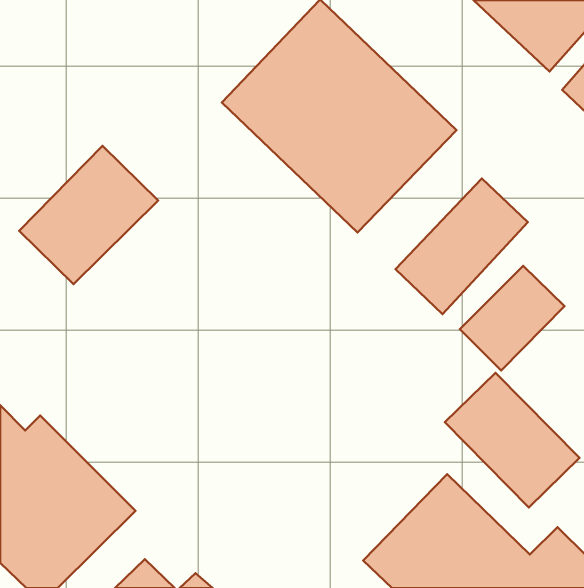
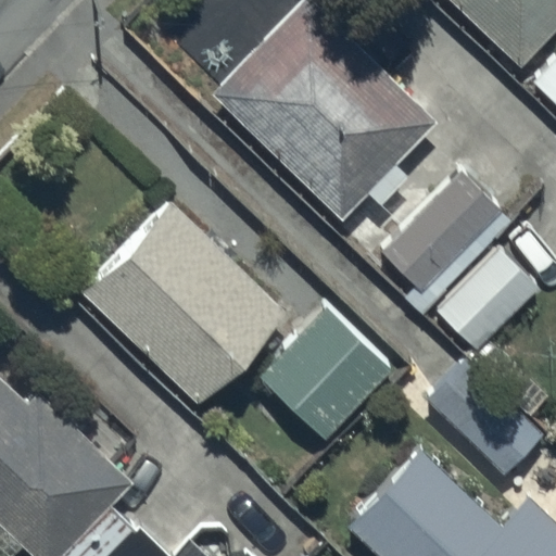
building: [19,146,158,284] -> none
building: none -> [83,202,290,408]
building: none -> [257,306,394,443]

